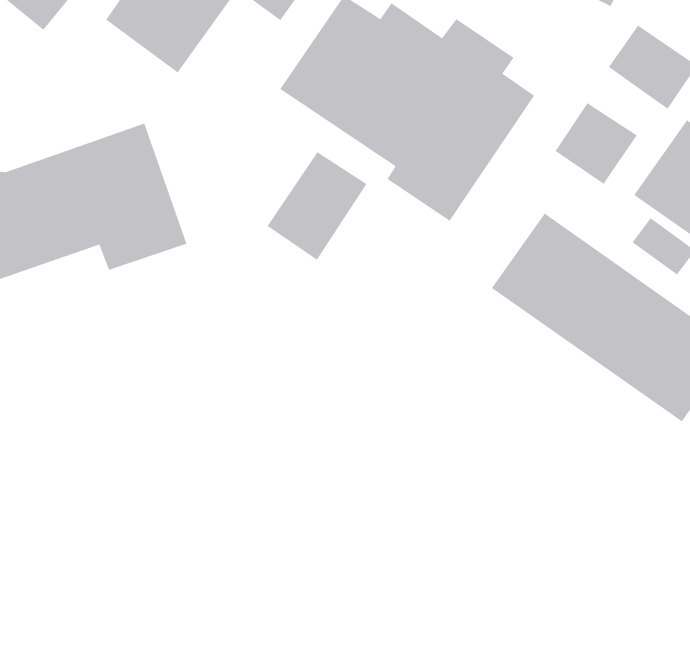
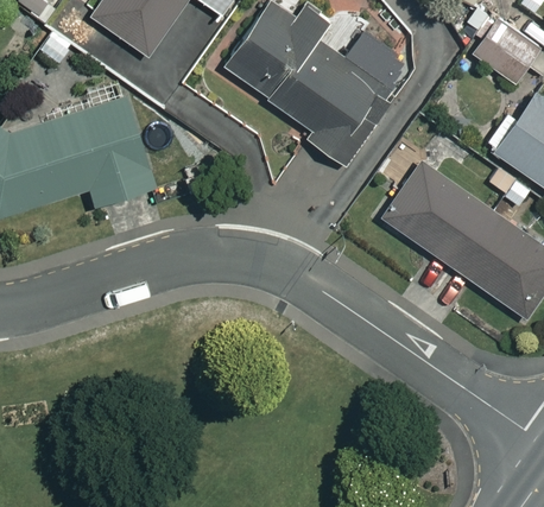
building: [554,102,638,185] -> none
building: [266,151,367,261] -> none

